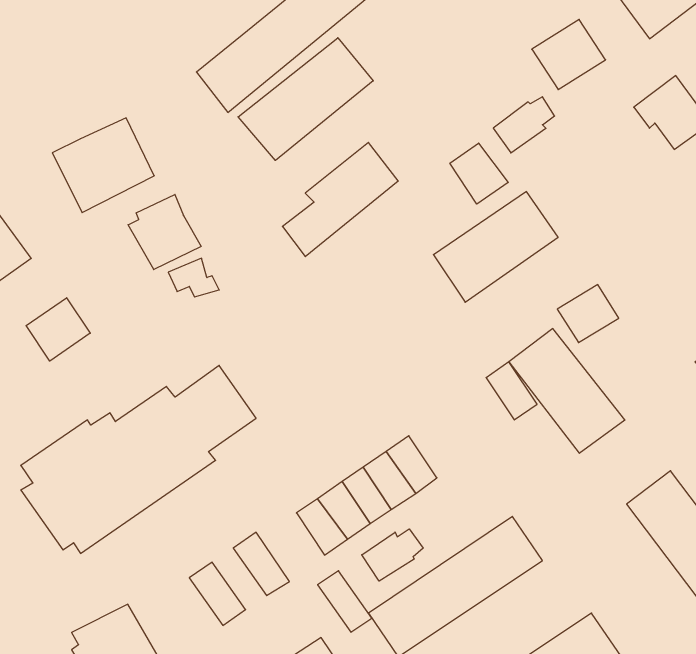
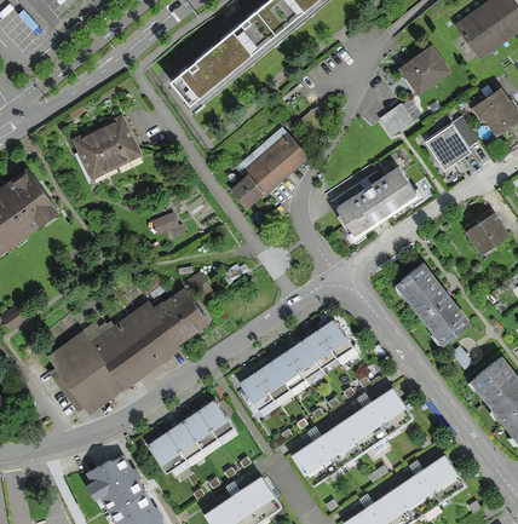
building: [238,38,373,160] -> none
building: none -> [425,121,472,172]
building: [450,143,508,204] -> none
building: [128,194,201,270] -> none
building: [557,285,619,343] -> [459,212,501,252]
building: [26,298,90,361] -> none
building: [486,362,537,420] -> [318,322,353,362]
building: [362,529,423,581] -> none
building: [318,571,372,632] -> [183,410,220,453]
building: none -> [146,431,190,474]

